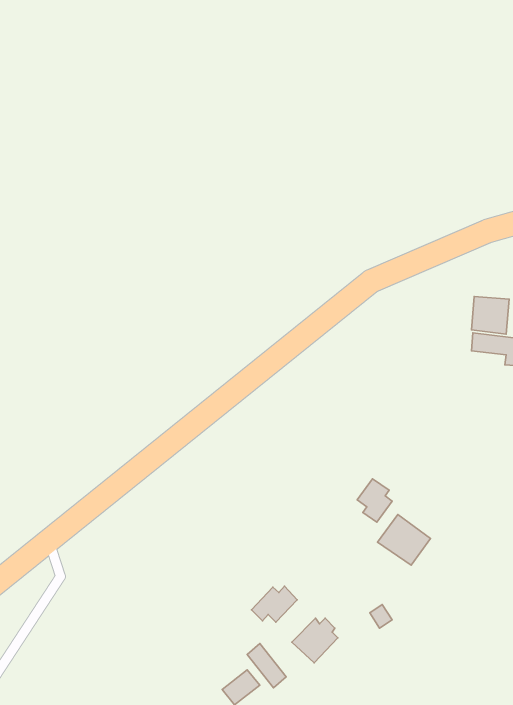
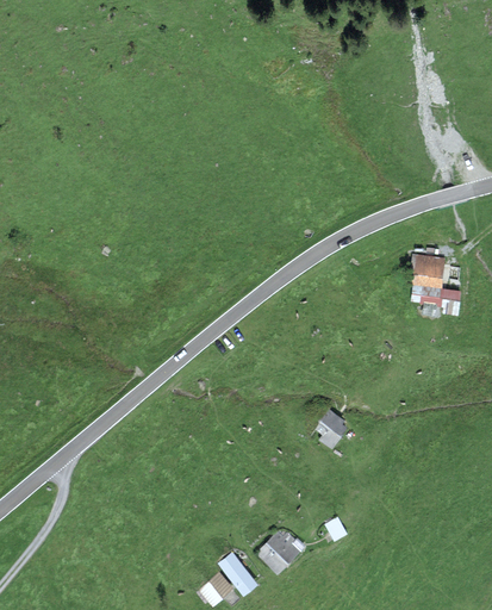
building: [378,514,431,565] -> none
building: [251,586,297,622] -> none

